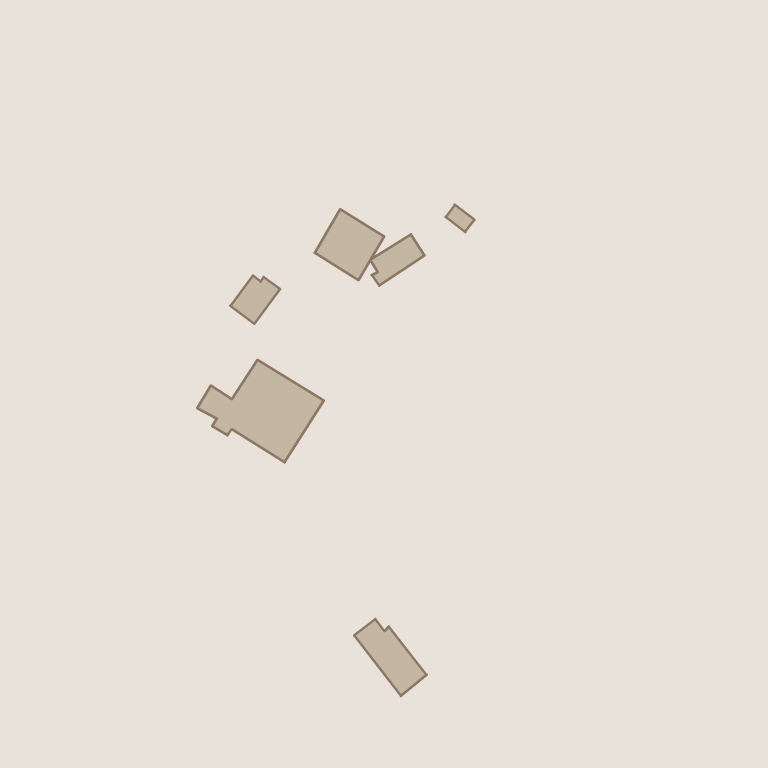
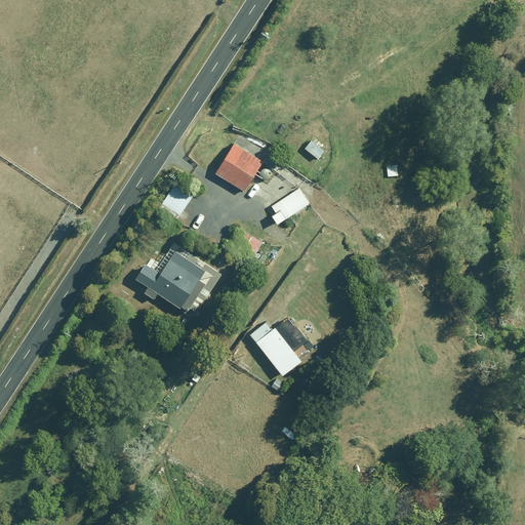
building: [370,234,424,286] -> [271,189,308,224]
building: [354,619,427,696] -> [250,323,299,375]

